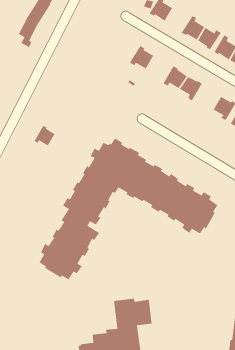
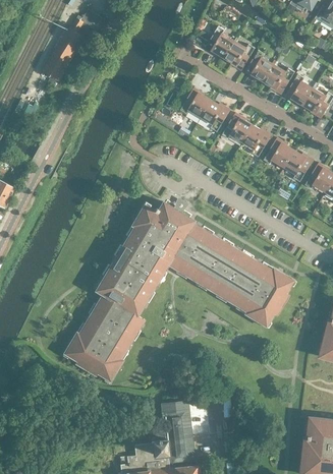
building: none -> [225,41,256,70]
building: none -> [202,100,231,131]
building: none -> [264,137,294,167]
building: [33,125,55,146] -> none

